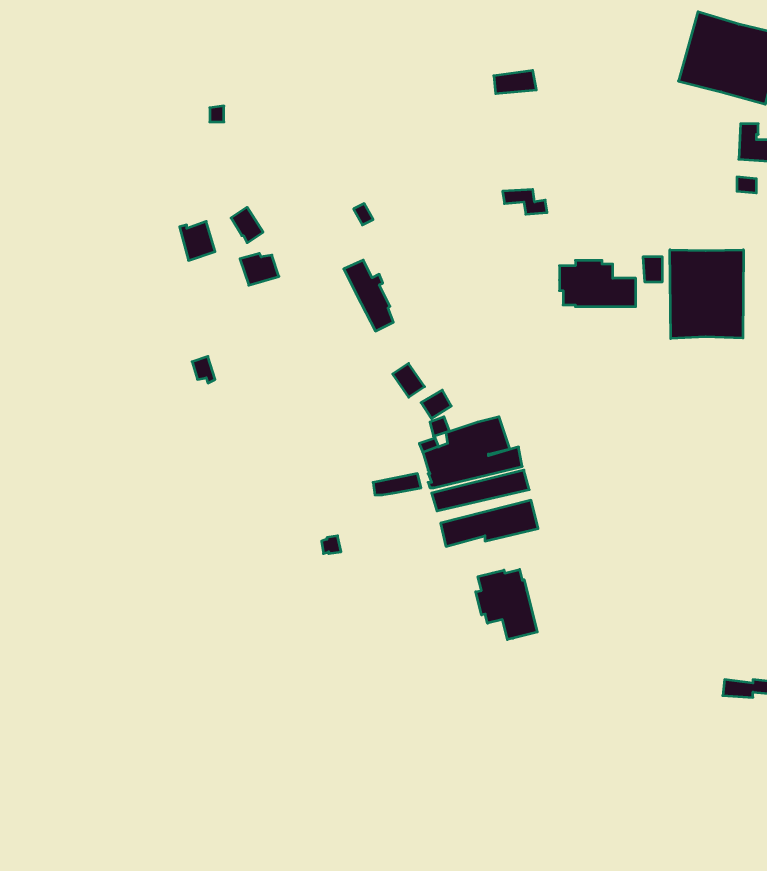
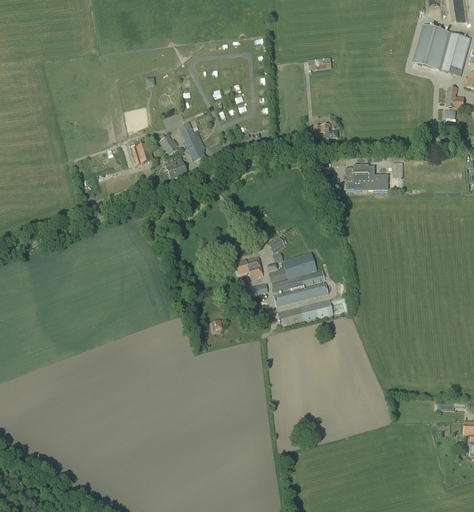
building: [670,250,743,339] -> none
building: [344,260,393,331] -> [177,122,205,162]
building: none -> [233,256,262,279]
building: [476,569,537,640] -> none

